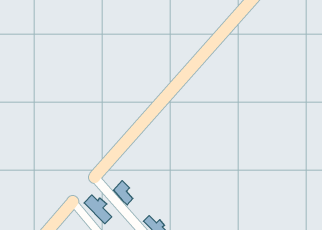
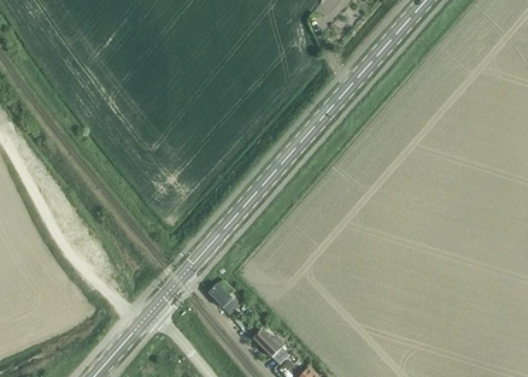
building: [84,195,112,224] -> none

